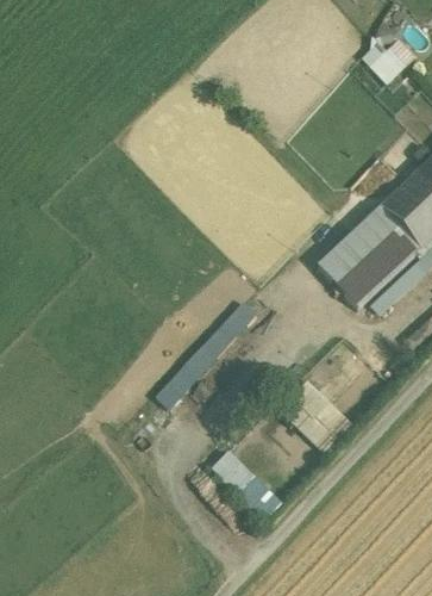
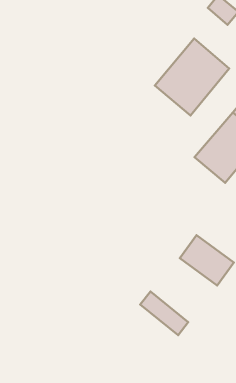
building: none -> [155,39,229,116]
building: [155,299,259,408] -> none

